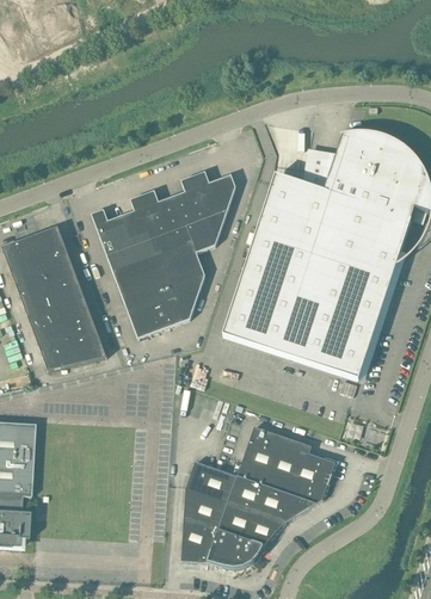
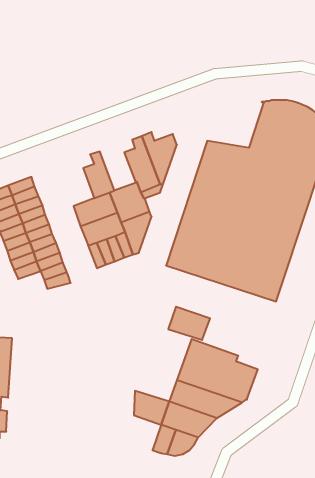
building: [142,190,186,242] -> none
building: [92,209,135,261] -> none
building: [42,341,78,370] -> none
building: [185,461,236,501] -> [168,307,210,340]
building: [181,518,217,561] -> none

